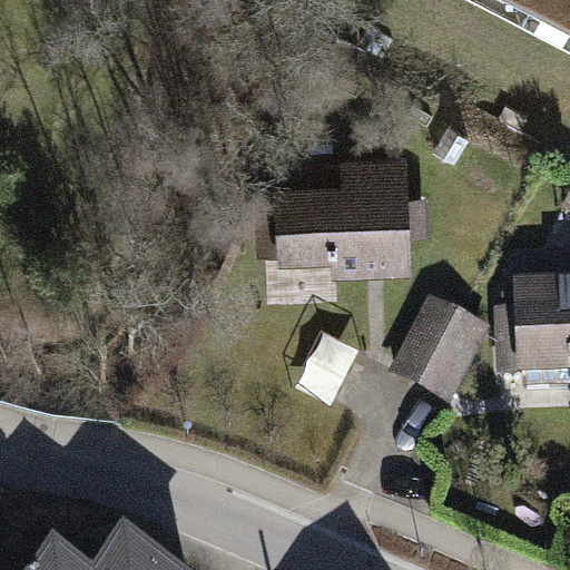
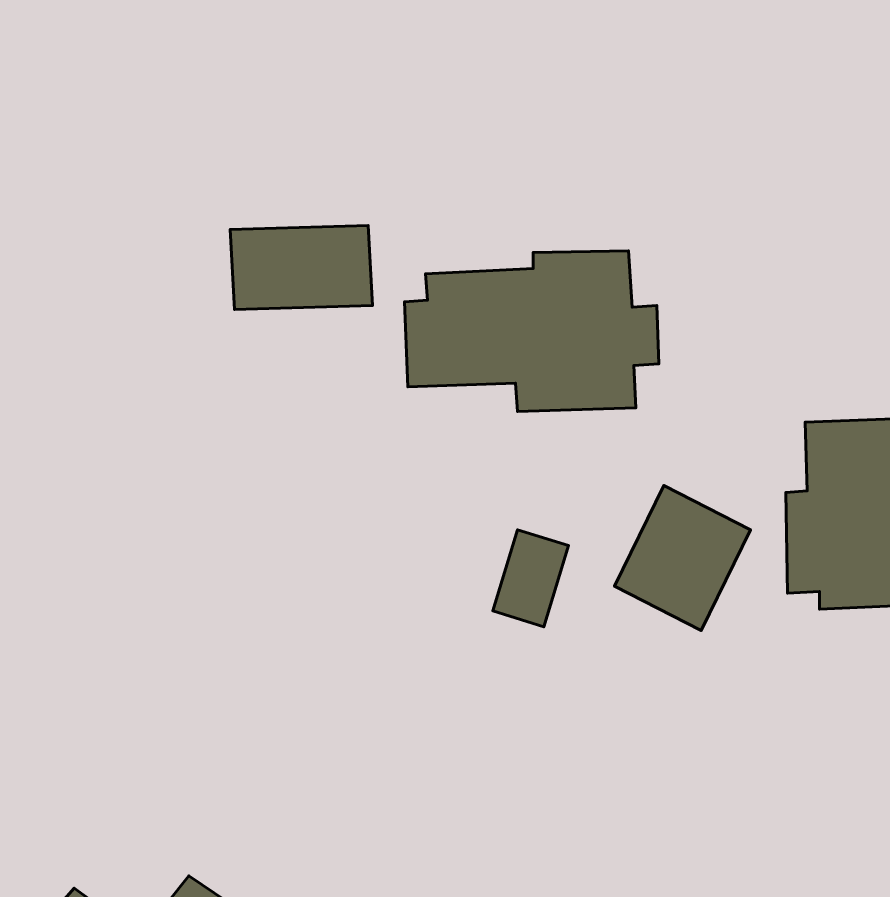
building: none -> [230,225,373,310]

